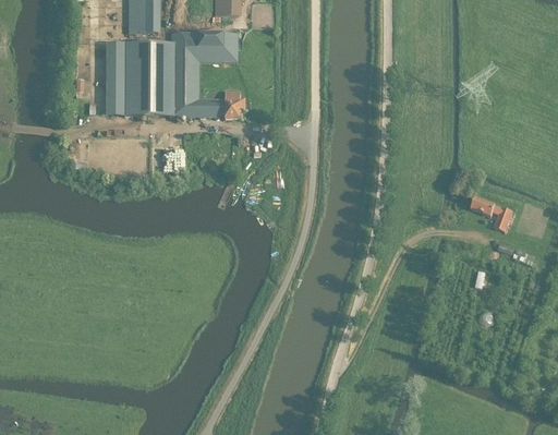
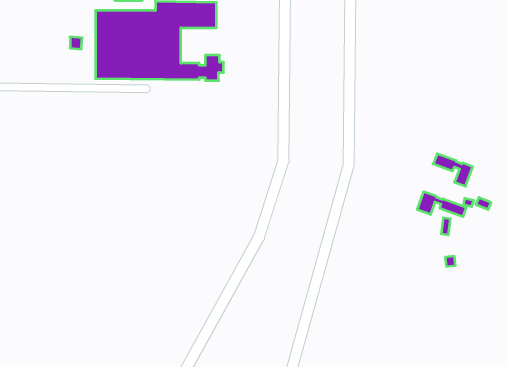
building: none -> [417,192,466,217]

